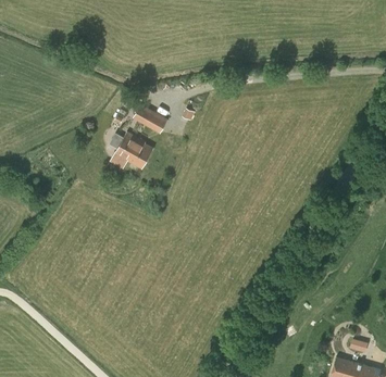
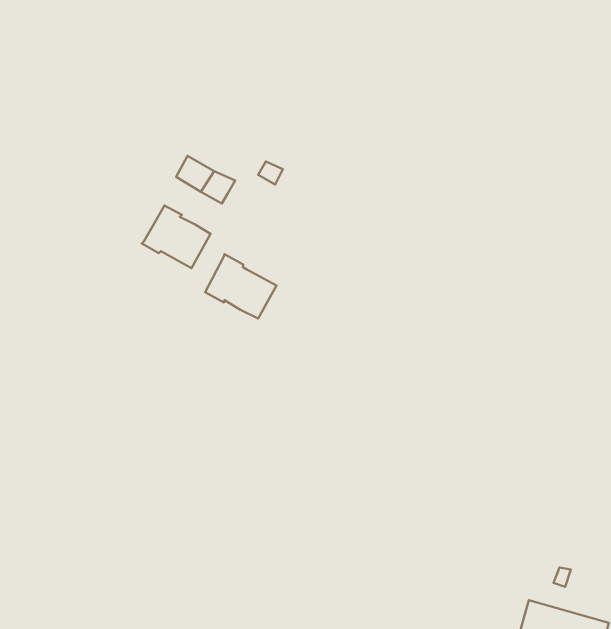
building: none -> [205,254,276,319]

